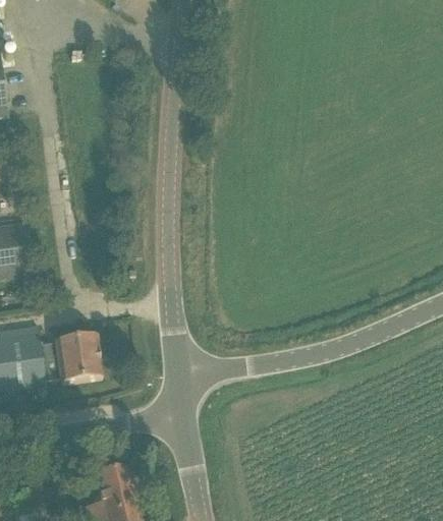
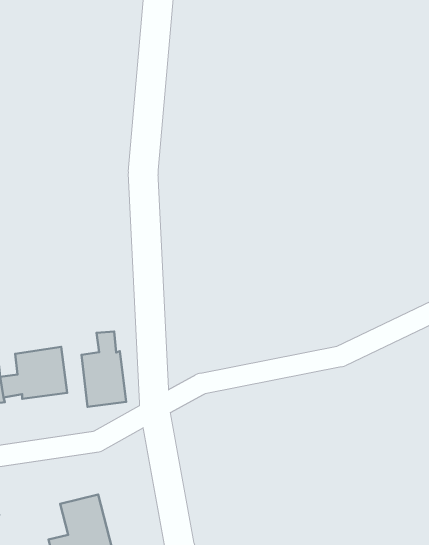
building: none -> [82,331,126,407]

